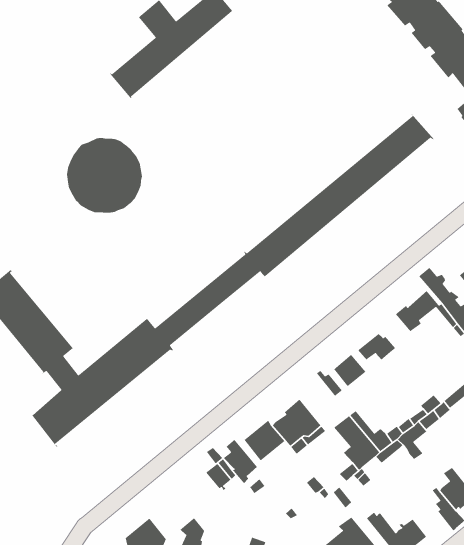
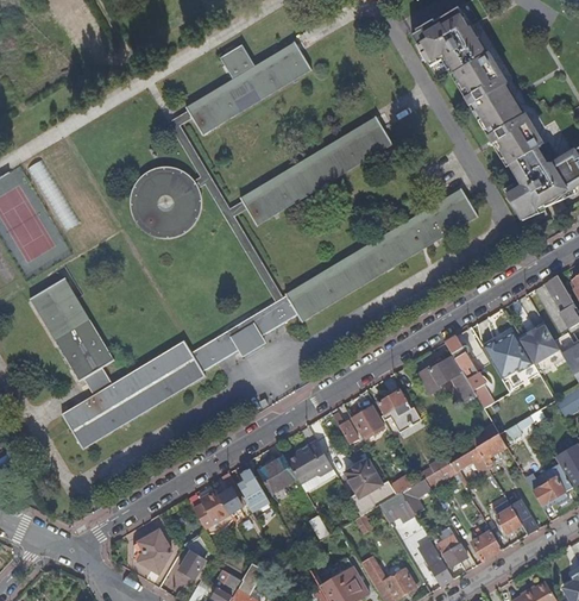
building: none -> [239,114,395,226]
building: none -> [194,489,228,528]

